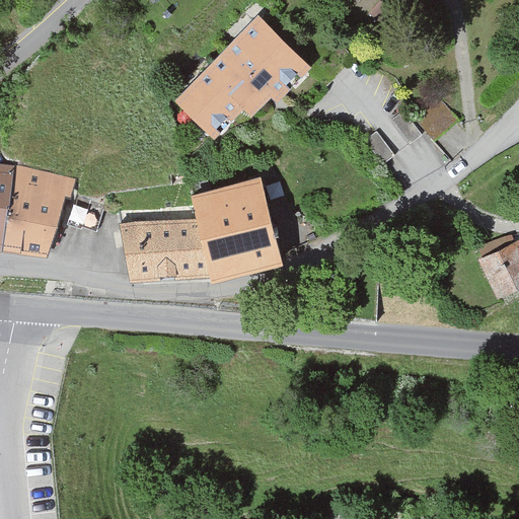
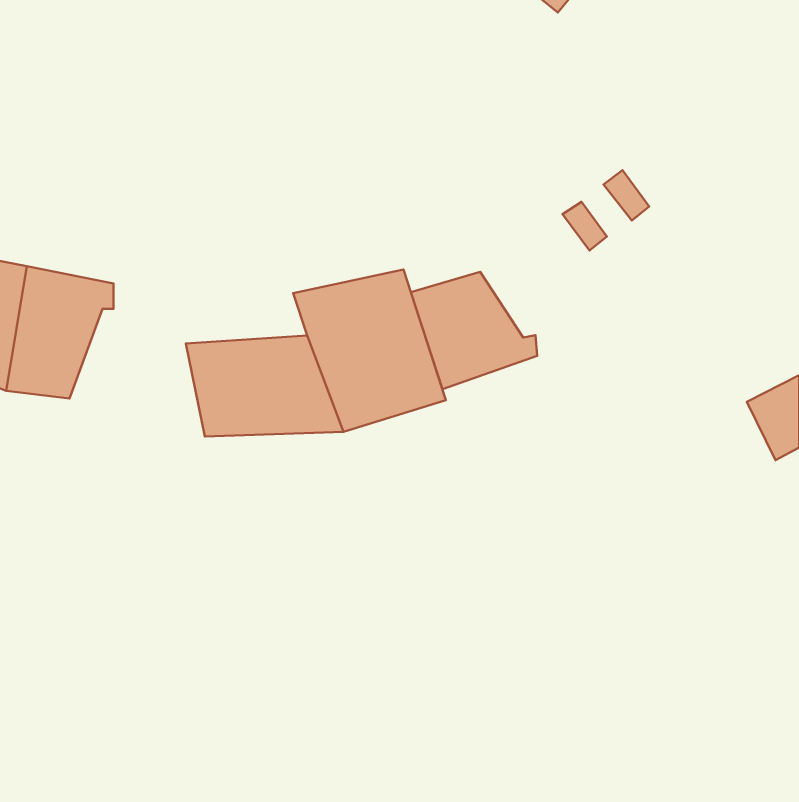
building: [173,18,310,140] -> none
building: none -> [411,272,537,389]

